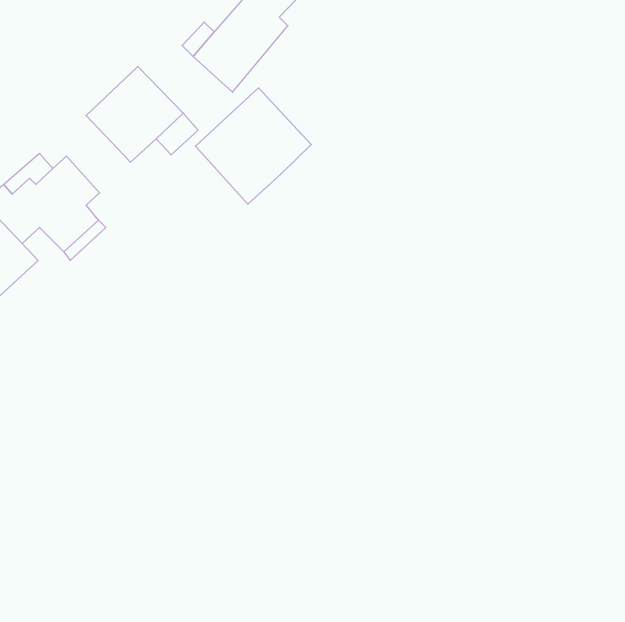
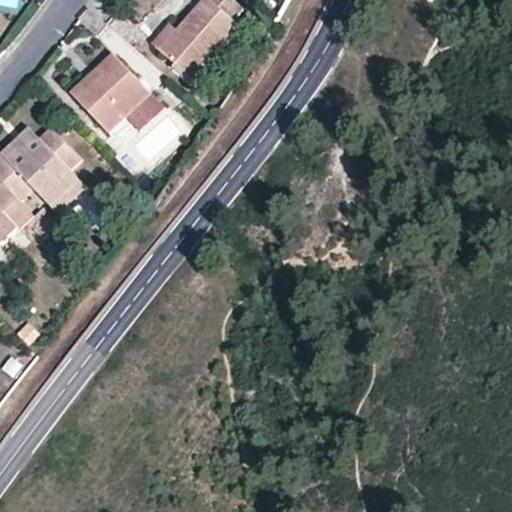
building: [195,88,311,204] -> none

